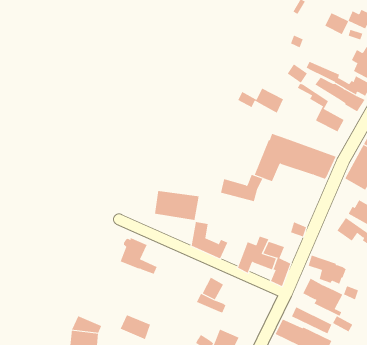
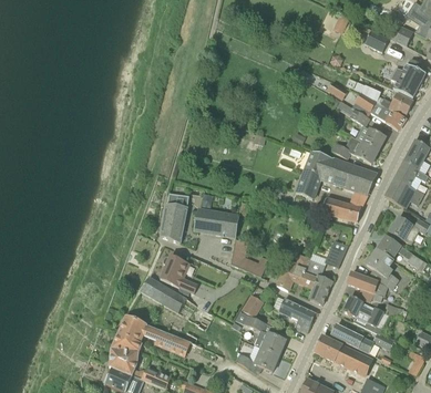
building: [237,88,284,113] -> [331,137,378,163]
building: [220,174,263,202] -> [322,192,366,219]
building: none -> [161,192,187,241]
building: none -> [366,248,399,289]
building: none -> [140,276,186,311]
building: none -> [278,297,316,330]
building: none -> [117,314,166,345]
building: none -> [254,329,285,354]

